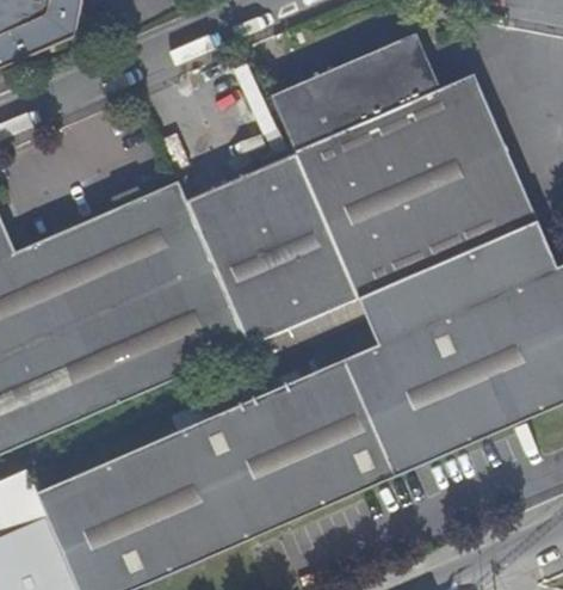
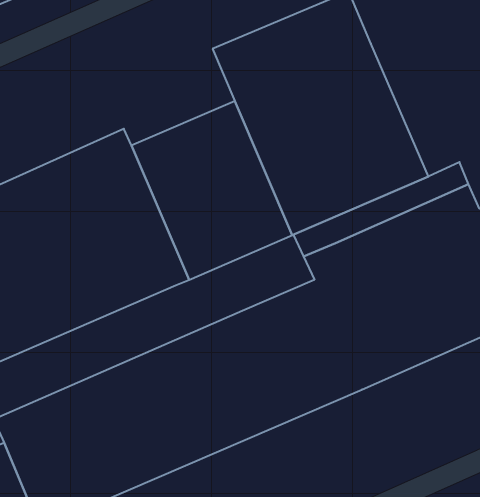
building: [440,74,536,232] -> none

